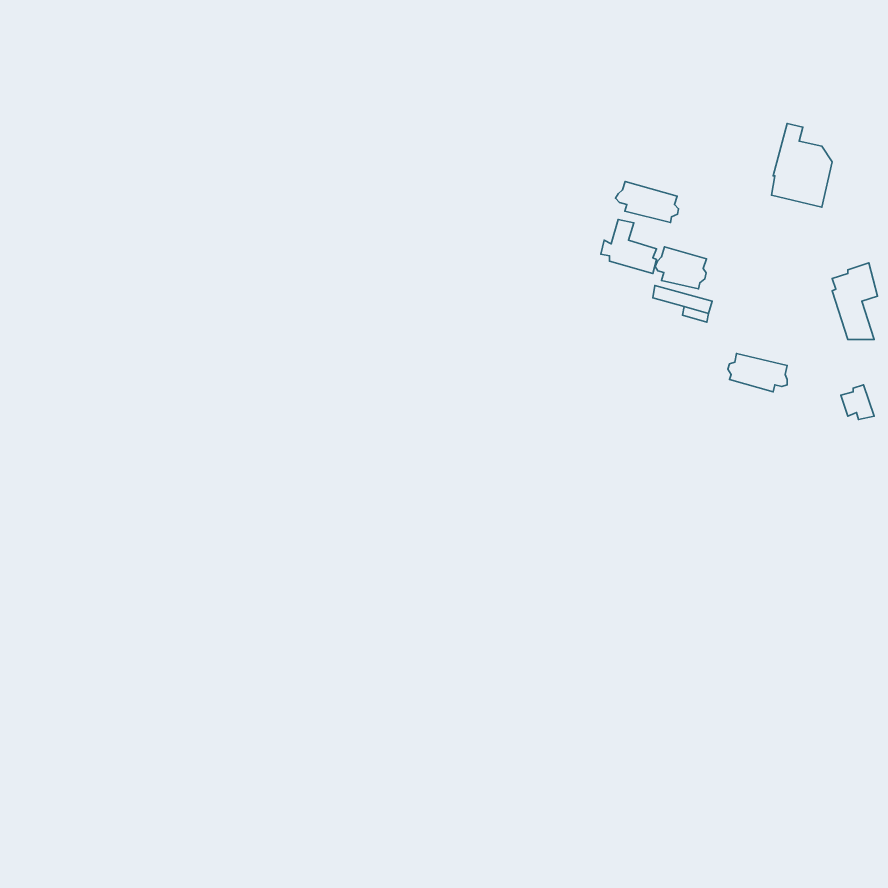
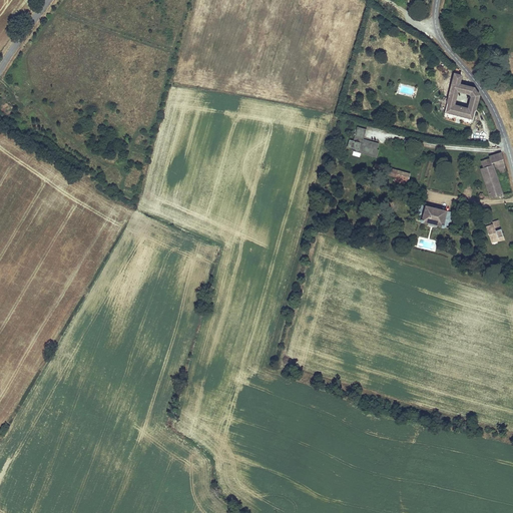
building: [616,181,678,222] -> none
building: [655,247,706,289] -> none

